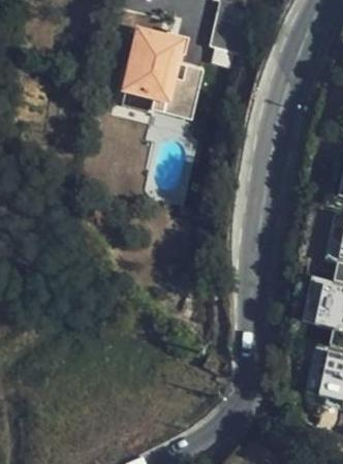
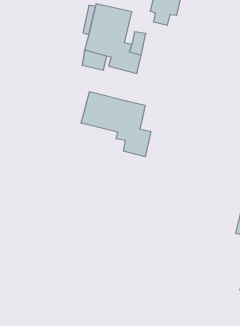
building: none -> [81,92,151,157]

